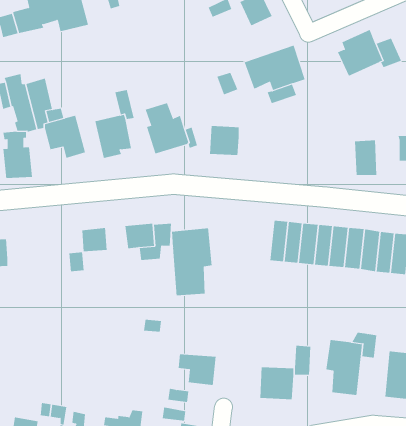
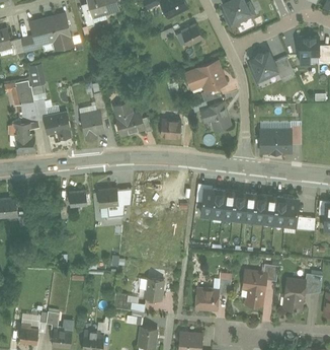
building: none -> [197,102,232,133]
building: none -> [276,128,294,153]
building: [171,228,212,296] -> none

